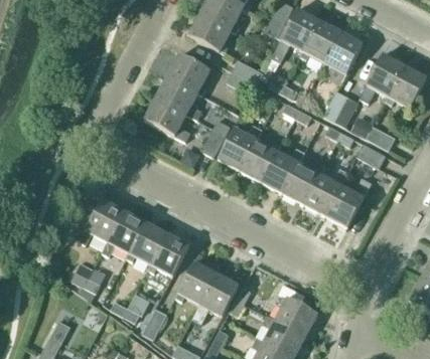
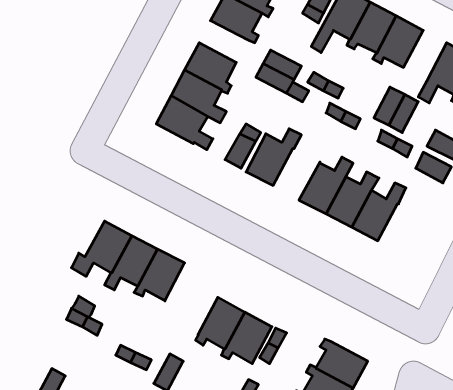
building: [240,140,280,182] -> none
building: [325,177,372,227] -> none
building: [148,233,189,276] -> none

